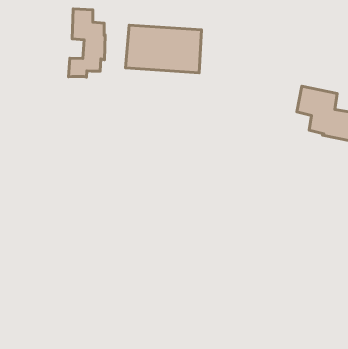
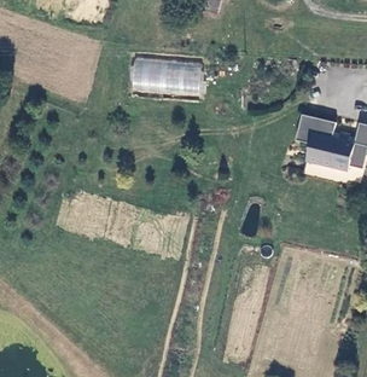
building: [69,9,105,77] -> none

